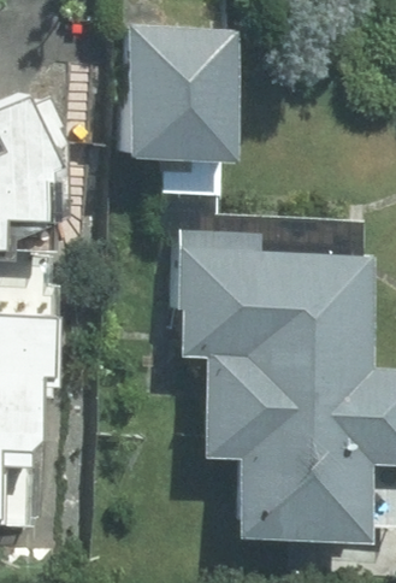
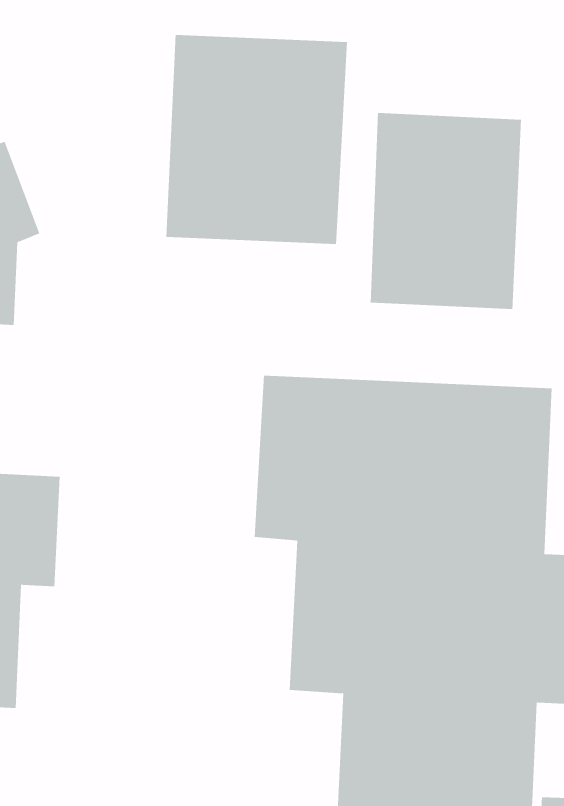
building: none -> [370,112,521,310]

